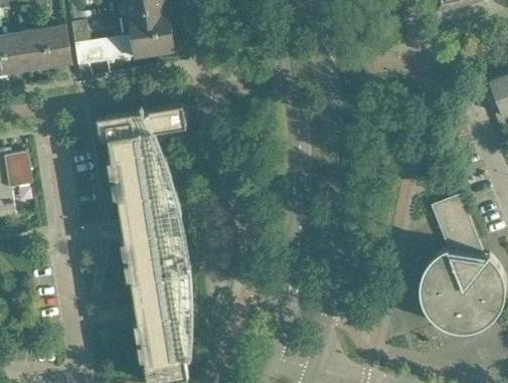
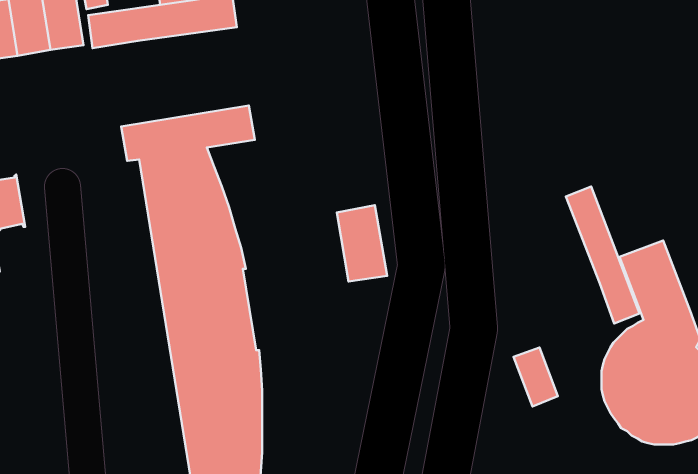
building: none -> [566,187,640,323]
building: none -> [337,205,387,281]
building: none -> [513,348,558,406]

